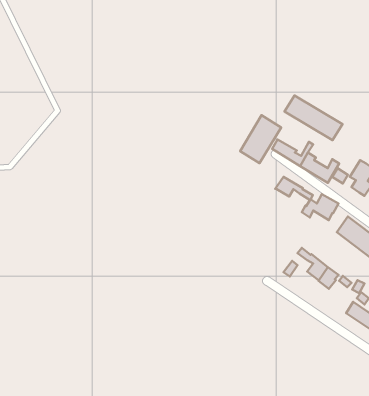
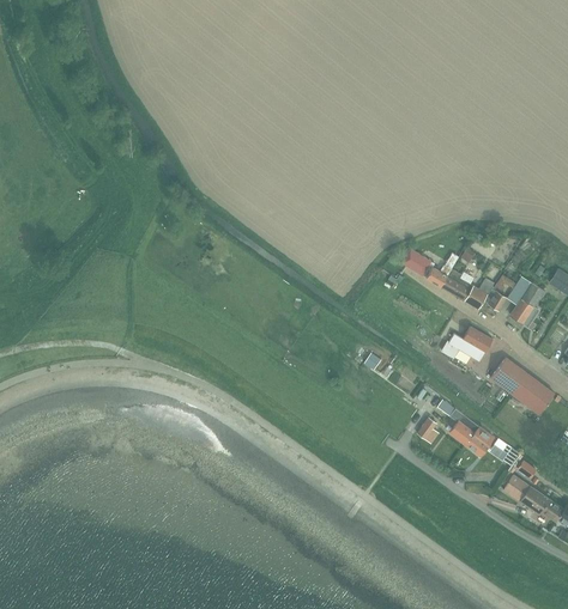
building: [285,95,343,140] -> none
building: [240,115,281,163] -> none
building: [275,177,313,200] -> none

